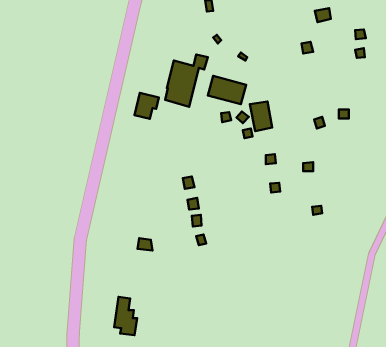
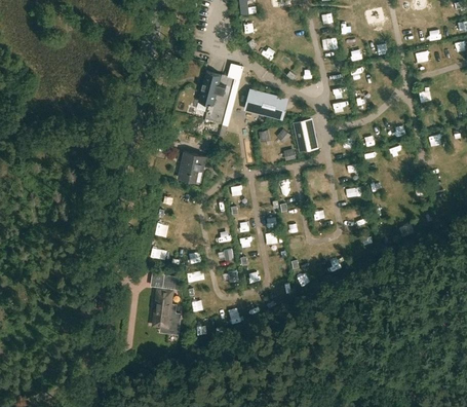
building: [135,93,159,119] -> [177,152,204,182]
building: [114,297,137,335] -> [152,290,179,334]

